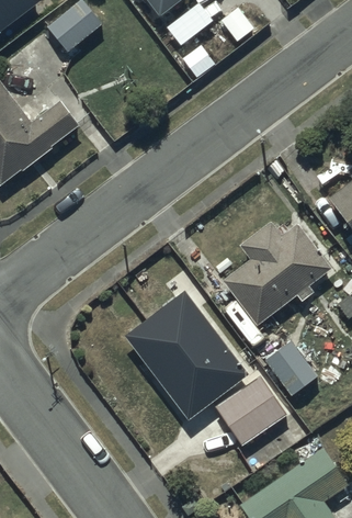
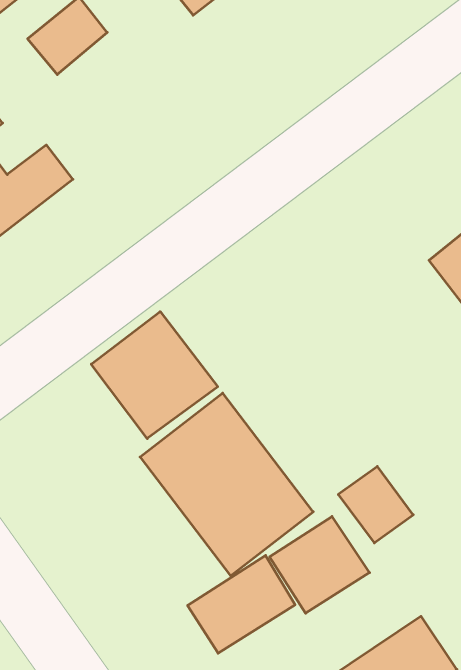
building: [222,219,330,323] -> none
building: none -> [91,312,218,439]
building: none -> [188,555,295,653]

